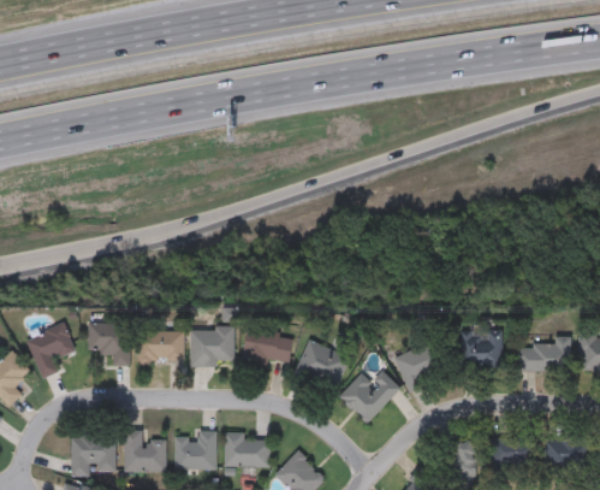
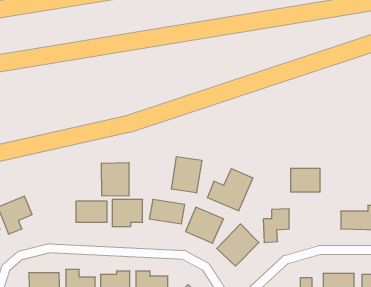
building: none -> [171,157,202,193]
building: none -> [102,162,129,196]
building: none -> [208,169,253,211]
building: [88,323,130,366] -> none
building: [461,335,503,368] -> [291,168,320,192]

